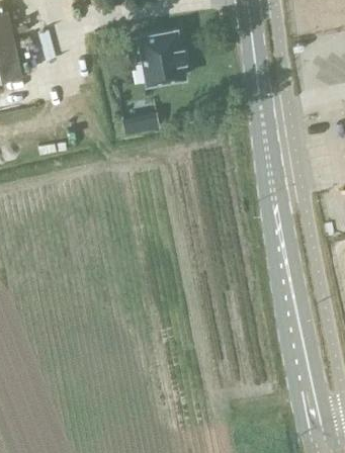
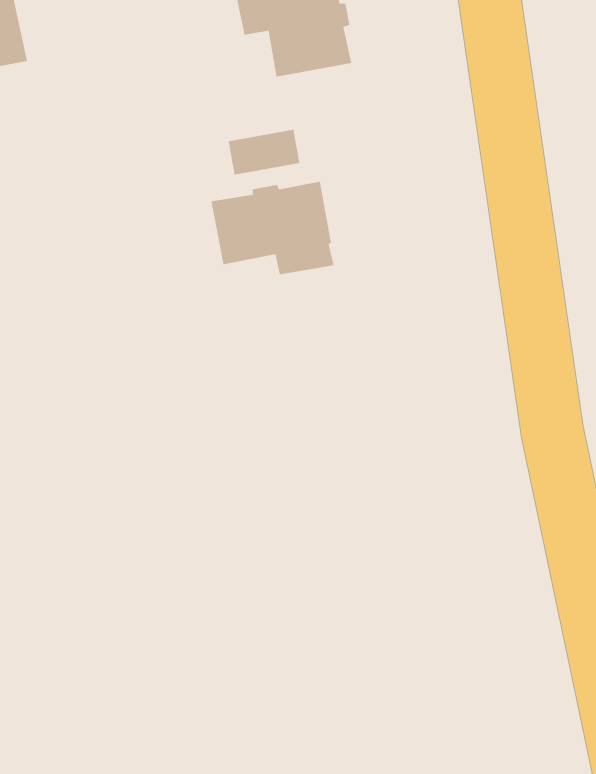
building: none -> [211,181,334,275]

